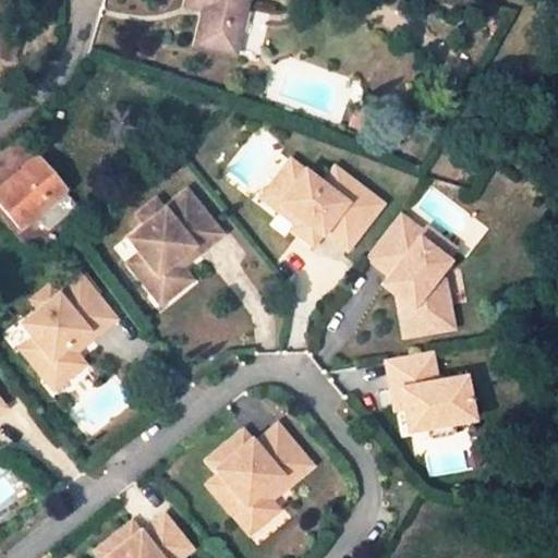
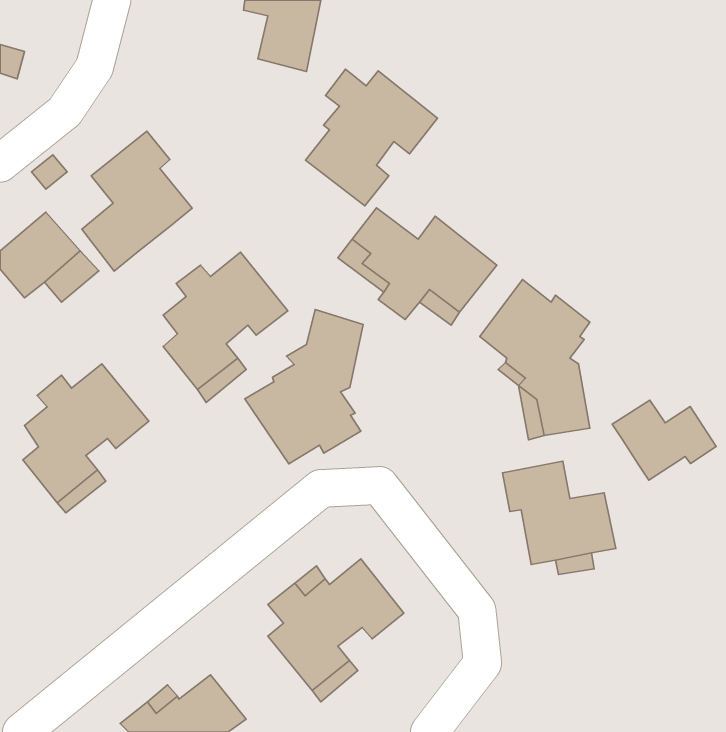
building: none -> [305,69,437,206]
building: none -> [82,131,192,271]
building: none -> [245,310,363,464]
building: none -> [612,400,716,480]

